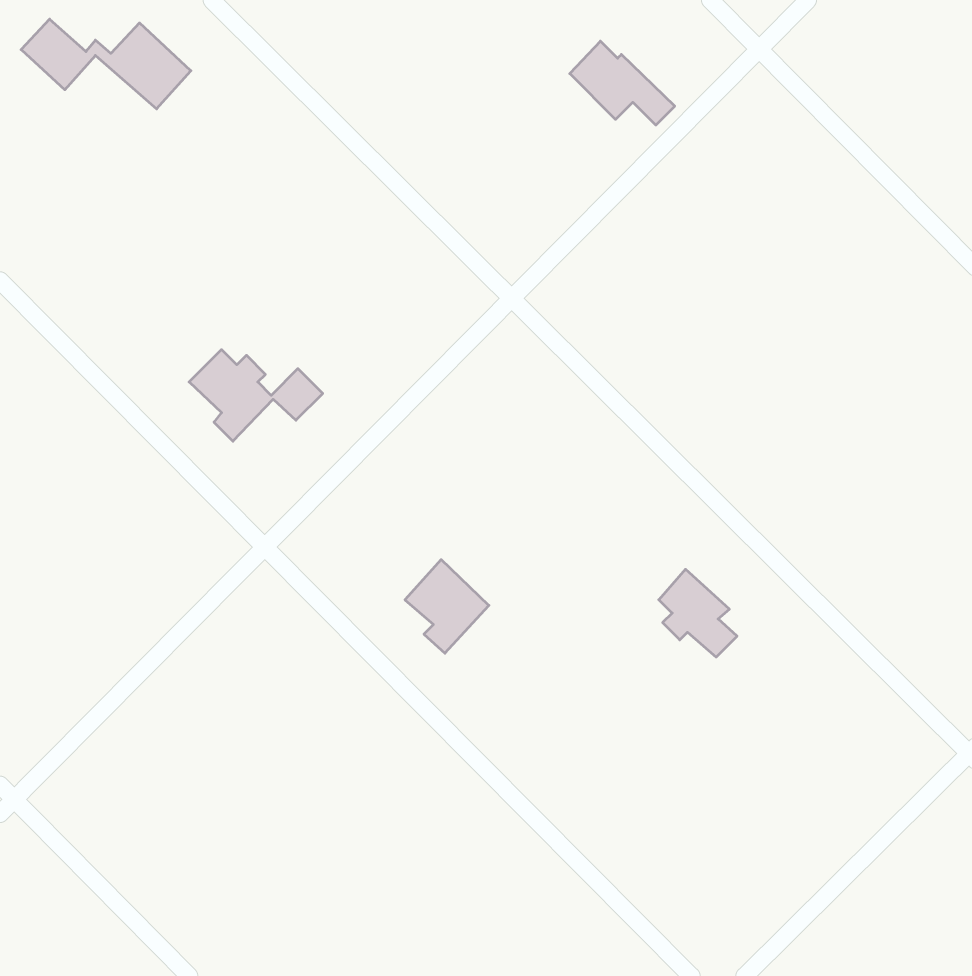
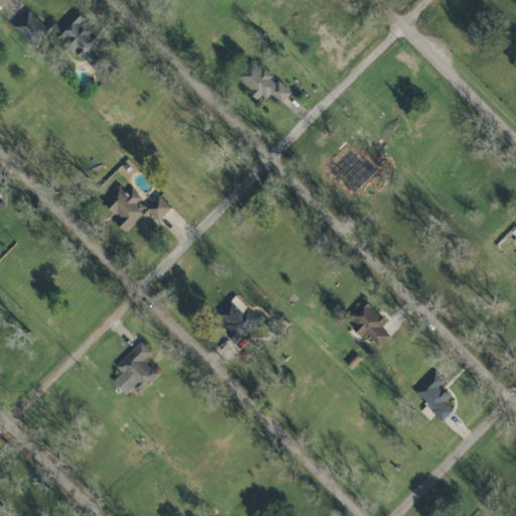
building: [570,41,675,125] -> [236,59,291,104]
building: none -> [113,341,159,395]
building: none -> [415,371,453,420]

